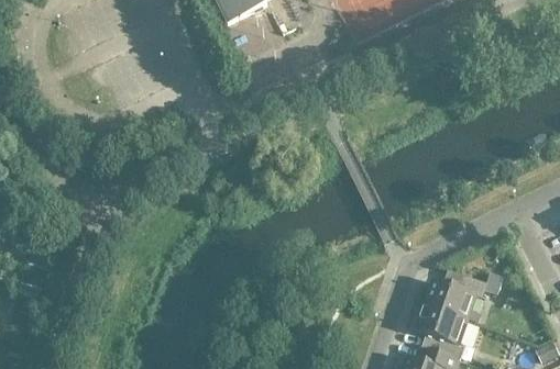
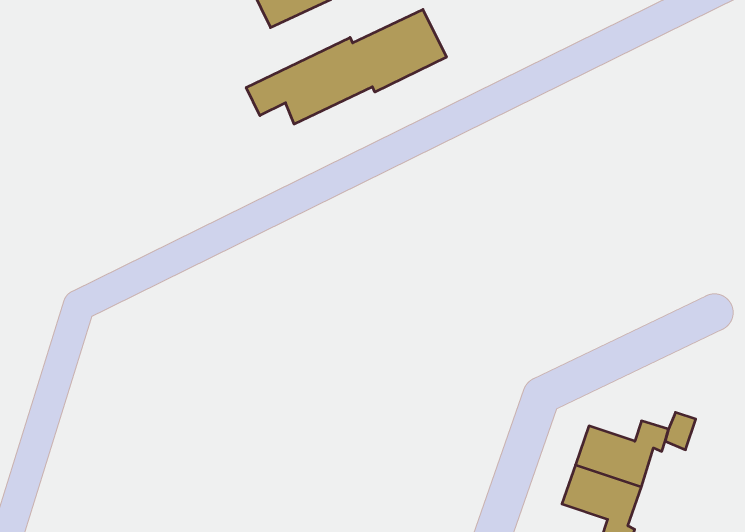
building: none -> [246,9,446,124]

